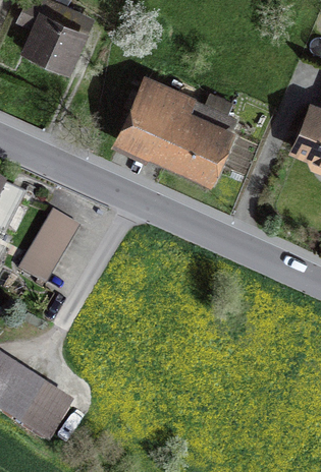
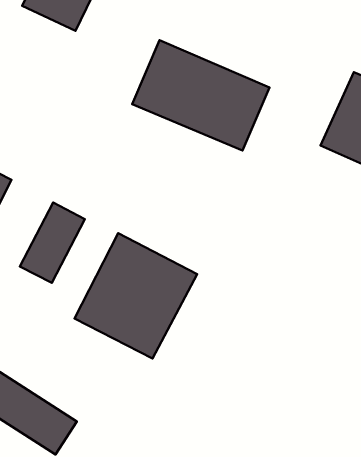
building: none -> [74,233,197,359]

